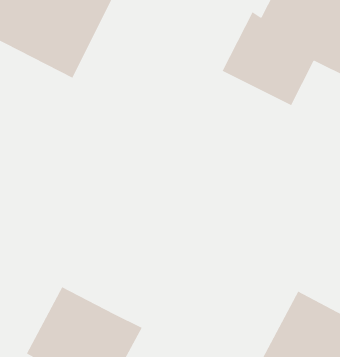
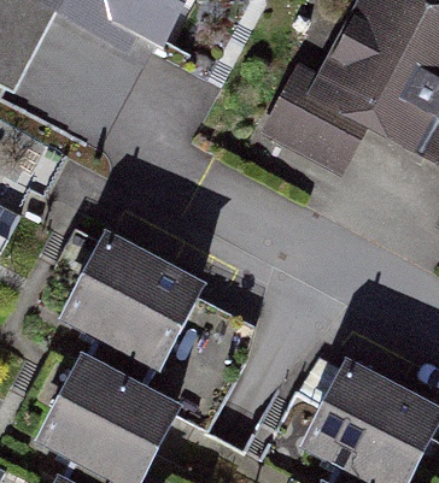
building: none -> [71,236,205,390]

